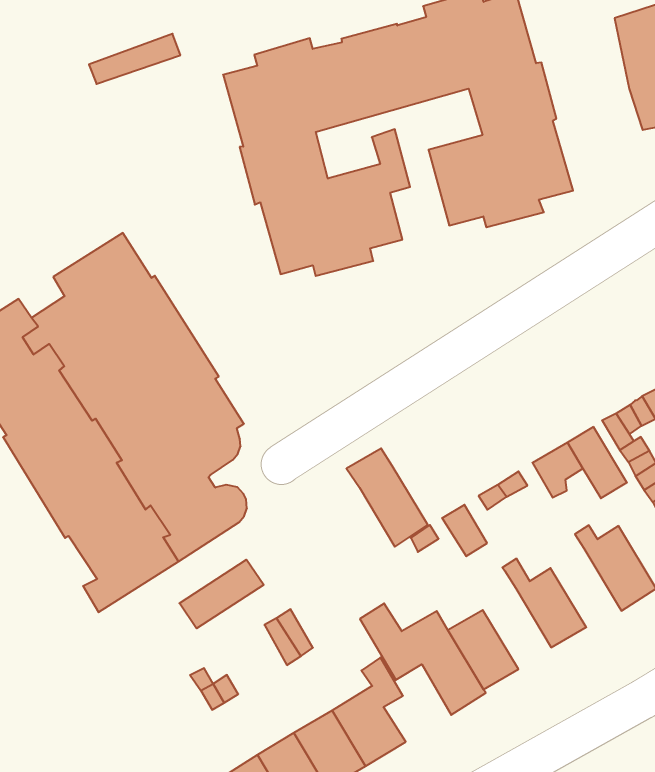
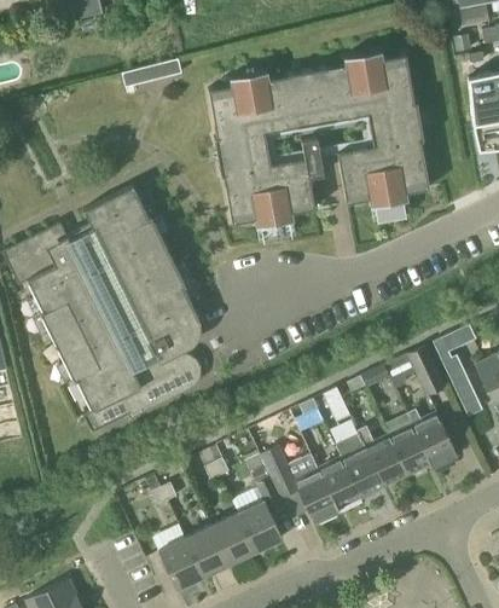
building: [346,448,428,547] -> [336,433,385,498]
building: none -> [390,423,433,475]
building: [179,560,264,628] -> none

